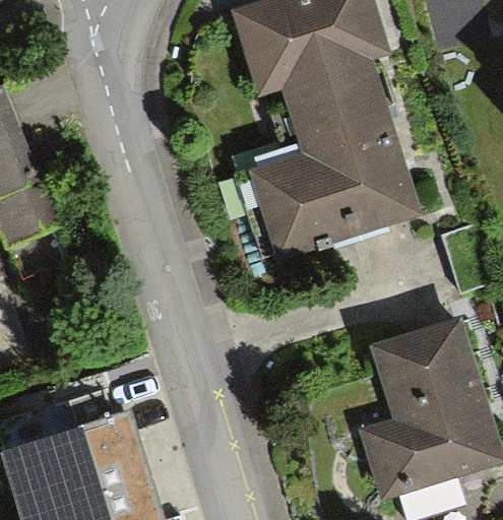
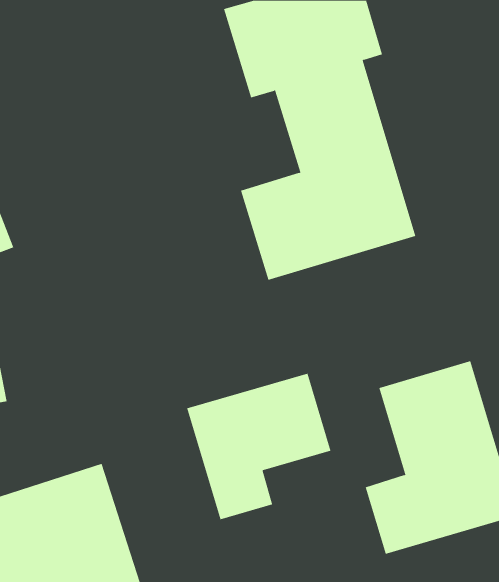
building: none -> [186,373,331,520]

